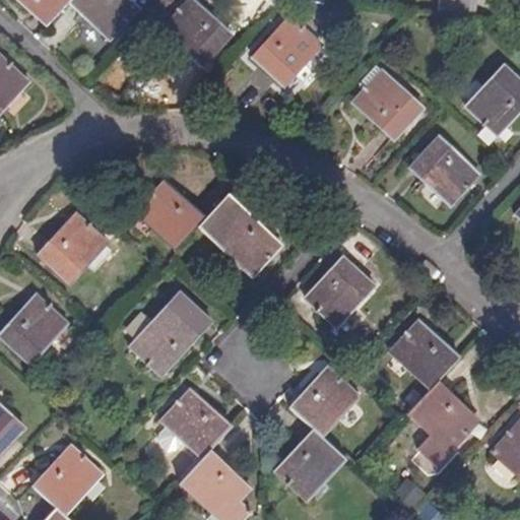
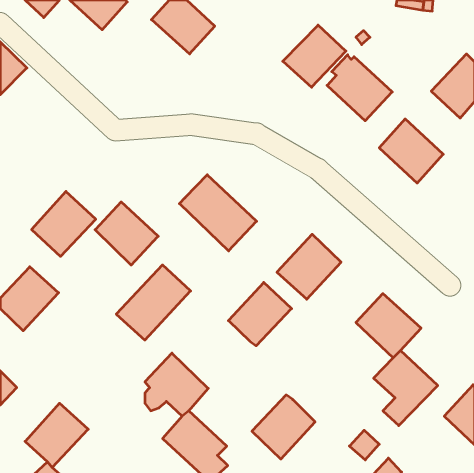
building: [258,11,327,79] -> [283,25,346,87]
building: [134,181,203,250] -> [95,202,158,265]
building: [290,370,360,439] -> [228,282,292,346]

